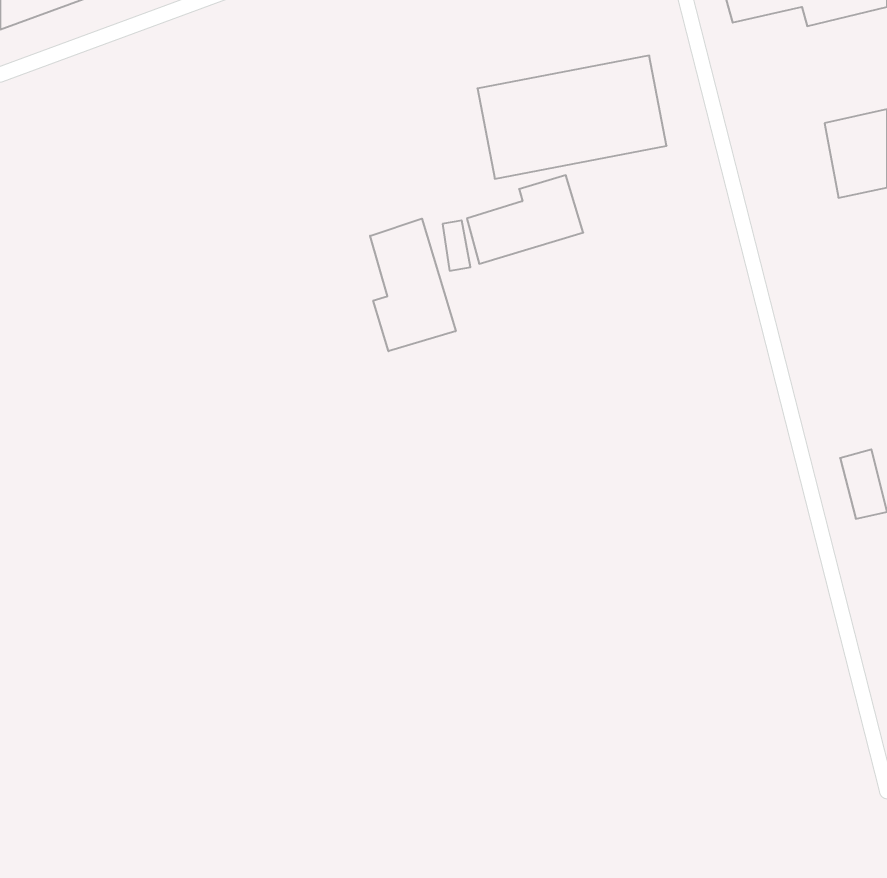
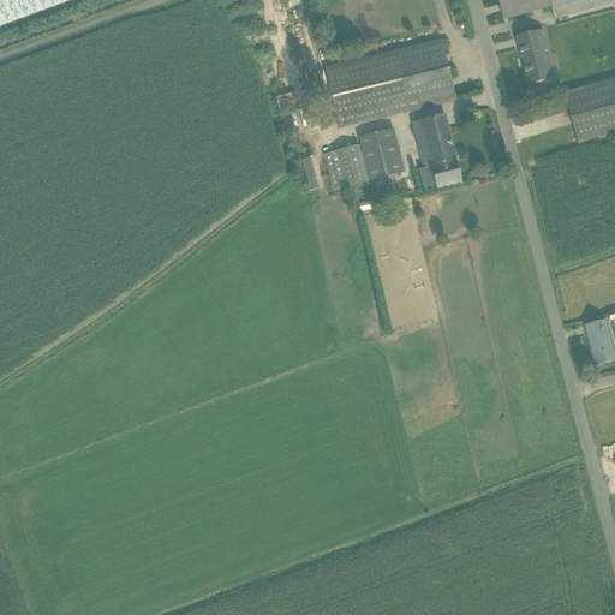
building: none -> [513,23,550,79]
building: none -> [410,108,459,186]
building: [370,219,456,351] -> none

